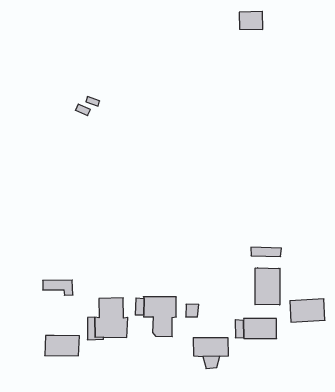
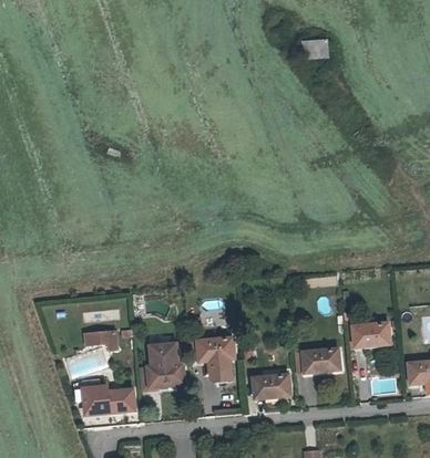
building: [239,11,263,29] -> [301,41,328,62]
building: [255,268,280,305] -> none
building: none -> [83,383,108,413]

